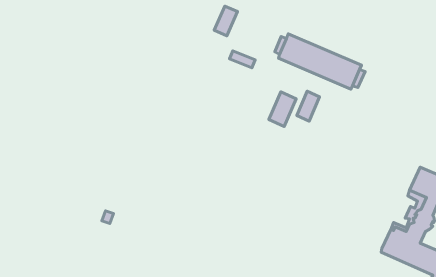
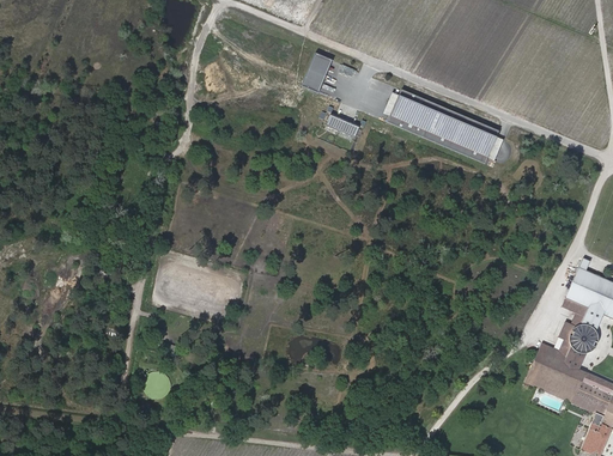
building: [297,91,320,121] -> none
building: [269,92,296,126] -> none

